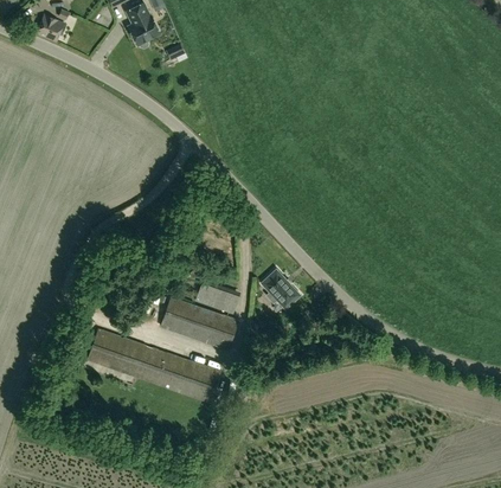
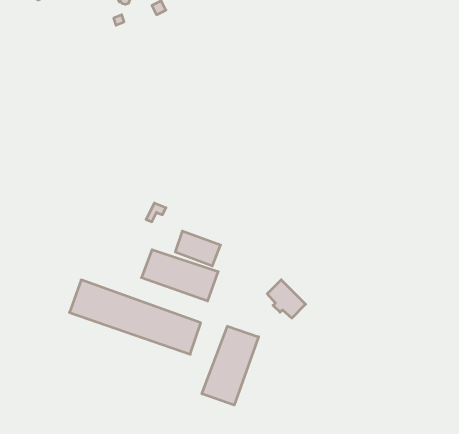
building: [262,267,301,306] -> [267,280,306,318]
building: none -> [202,326,259,405]

